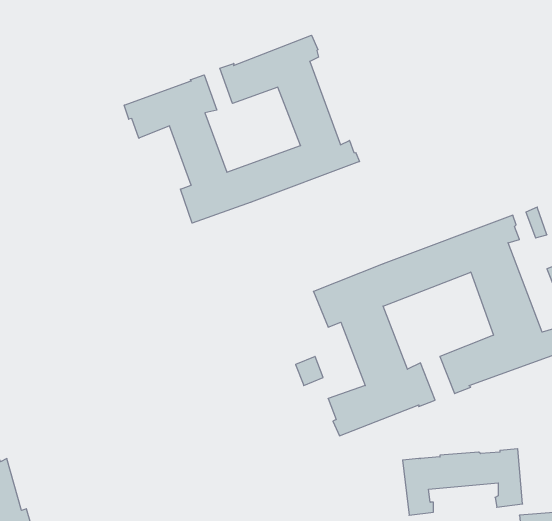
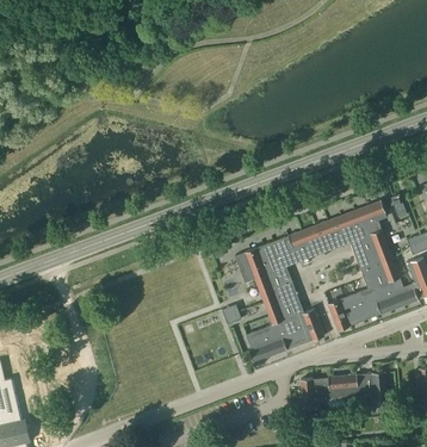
building: [124,35,359,223] -> none

